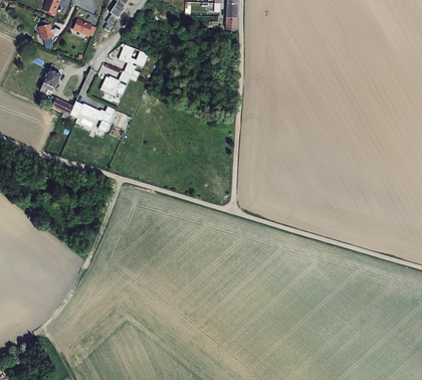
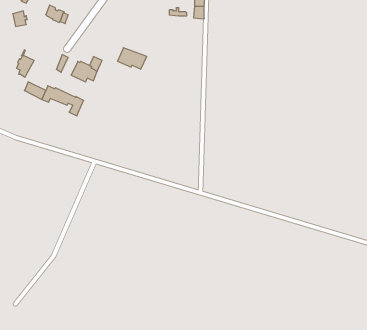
building: [119,45,149,67] -> [118,48,147,69]

